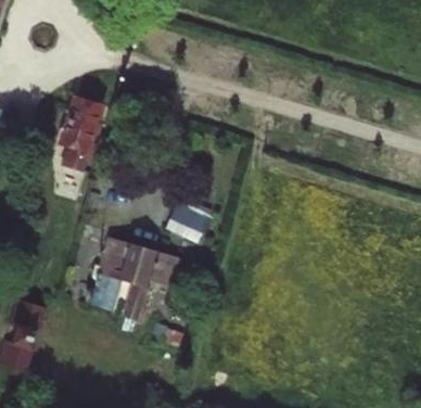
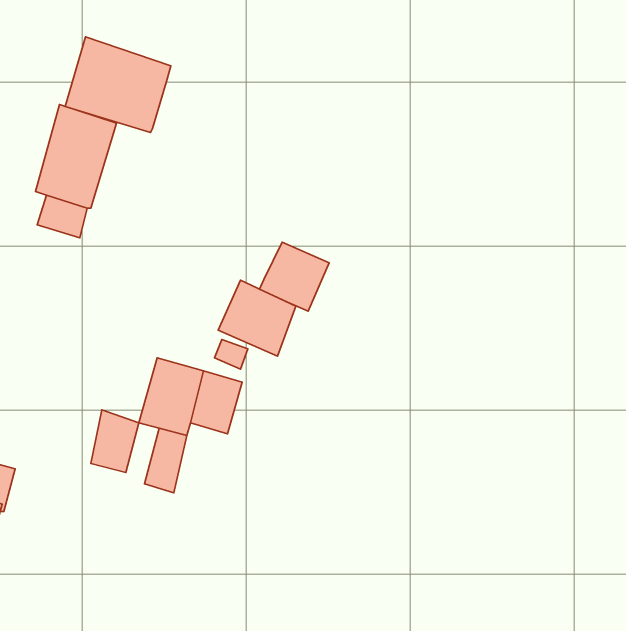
building: none -> [65,37,171,132]
building: none -> [260,242,329,311]
building: [98,235,130,280] -> none

